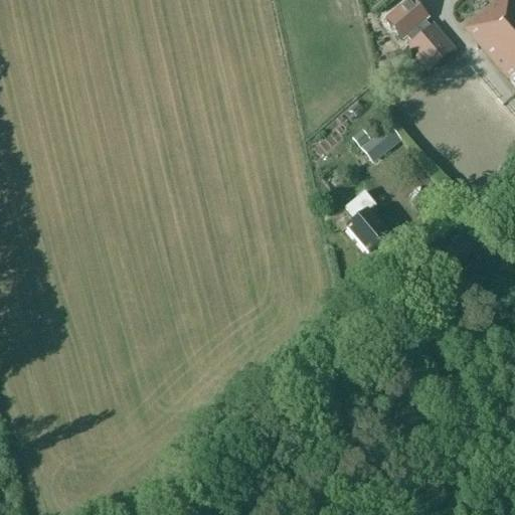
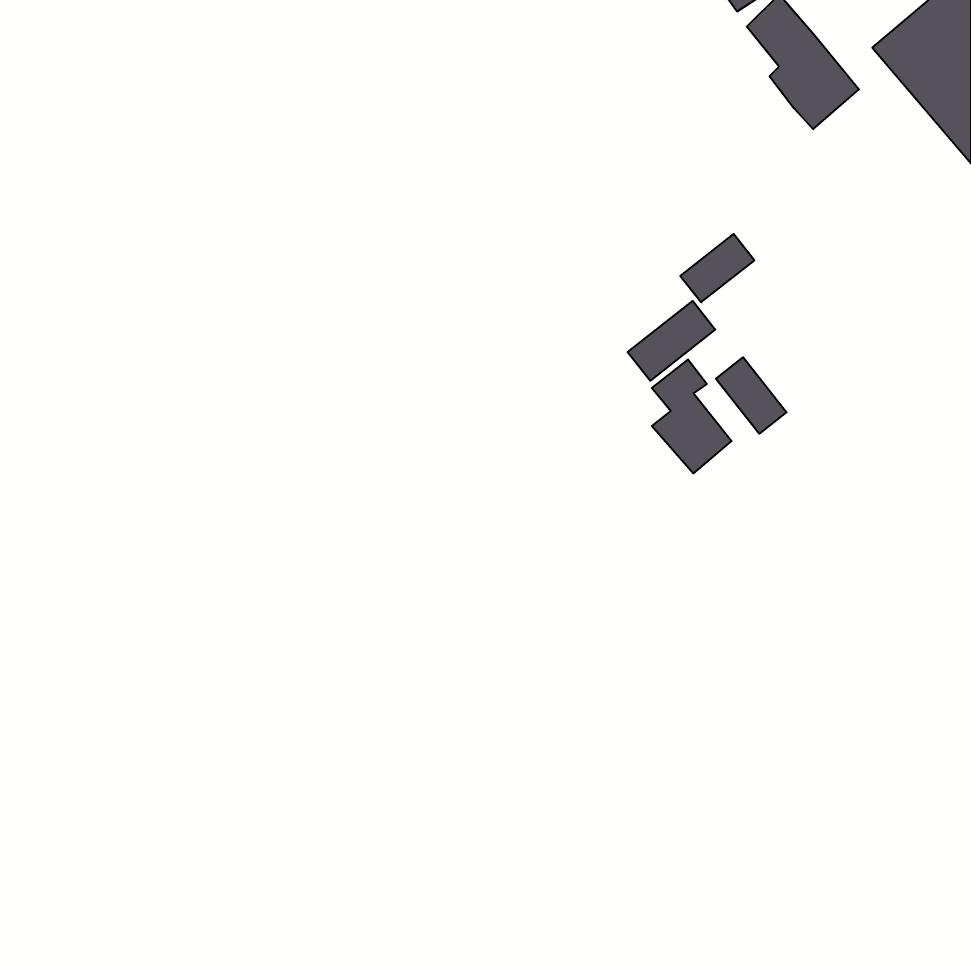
building: none -> [628,301,715,381]
building: none -> [716,357,787,434]

